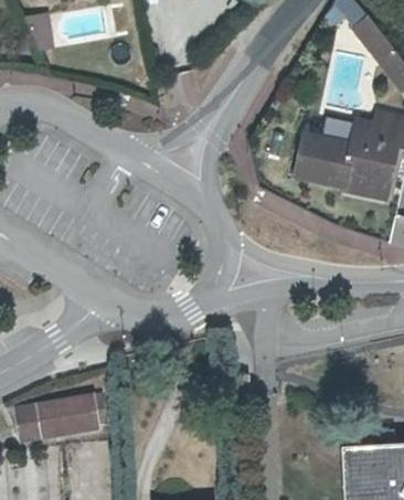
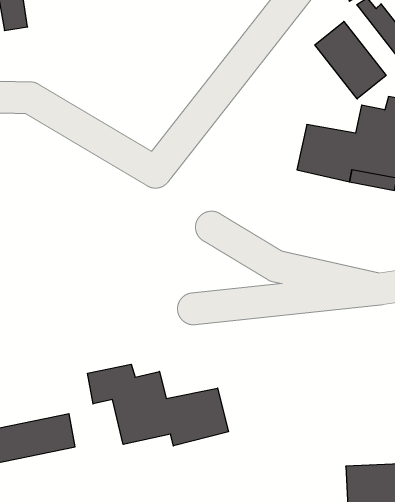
building: none -> [315,21,386,99]
building: none -> [88,364,228,446]

